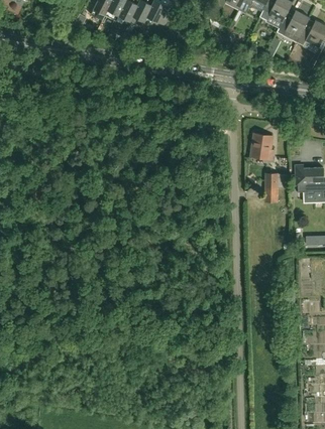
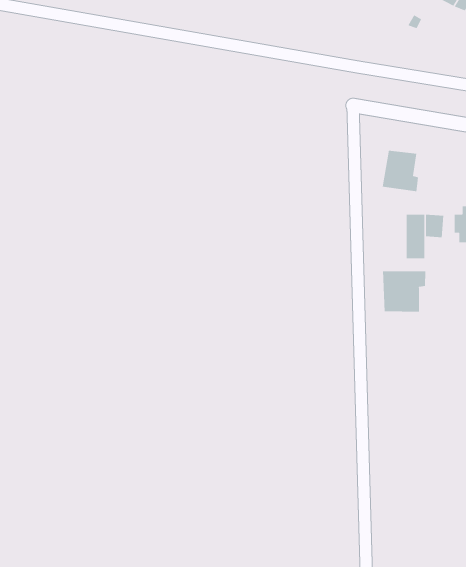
building: none -> [382,270,426,313]

